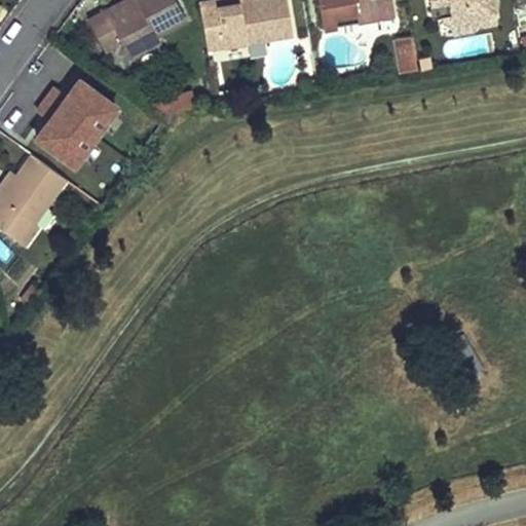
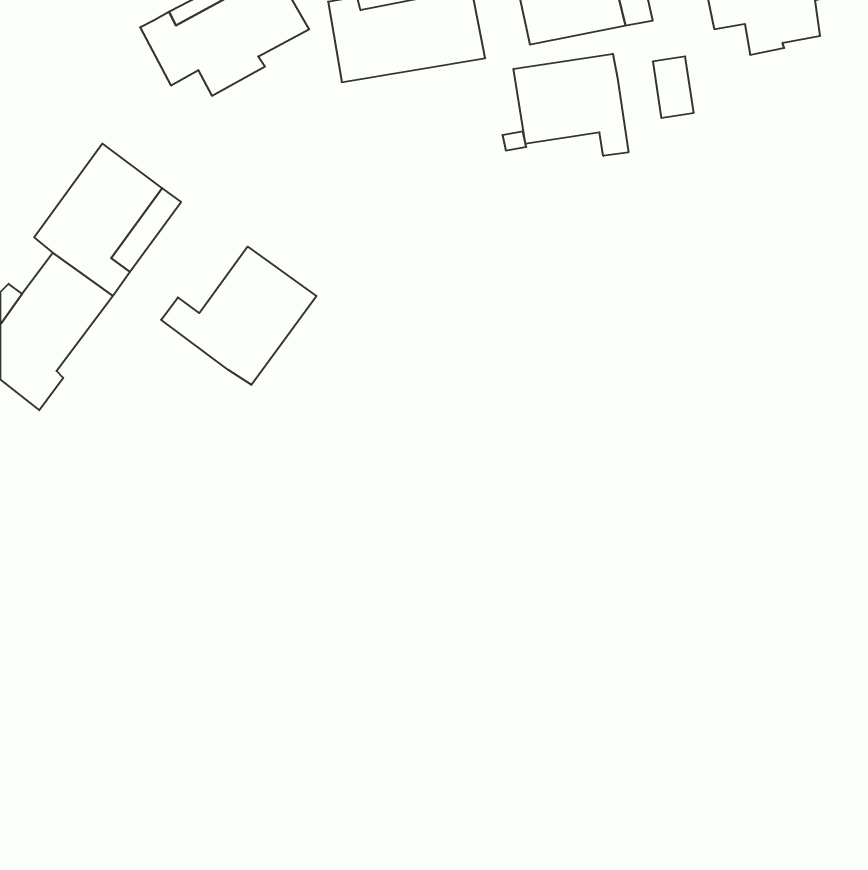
building: none -> [514,54,628,156]
building: none -> [161,247,316,385]

